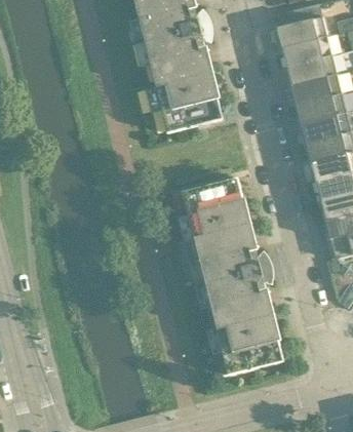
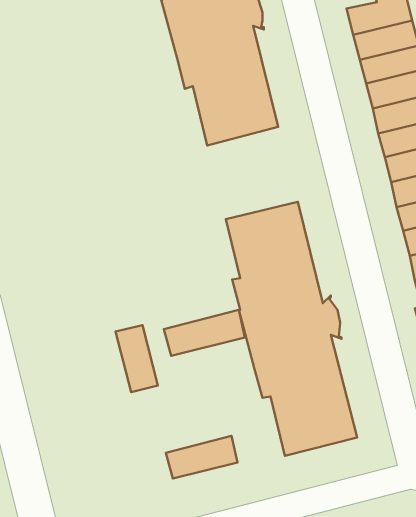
building: none -> [164,310,245,356]
building: none -> [116,325,158,392]
building: none -> [166,436,237,479]

